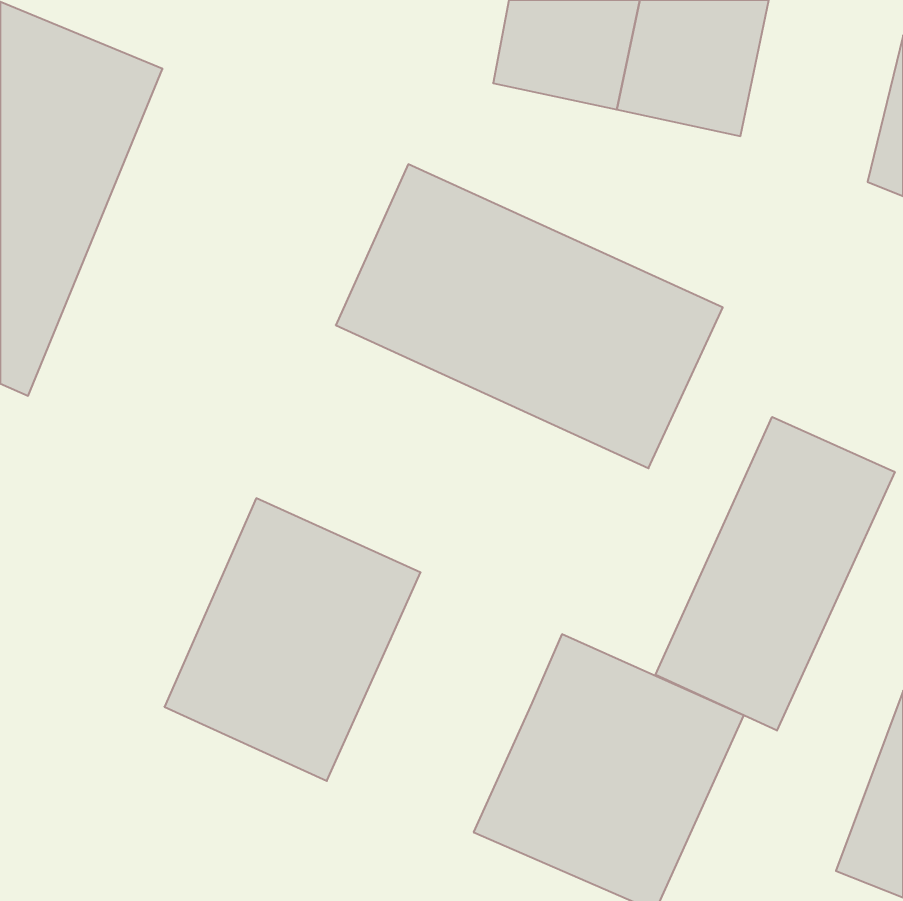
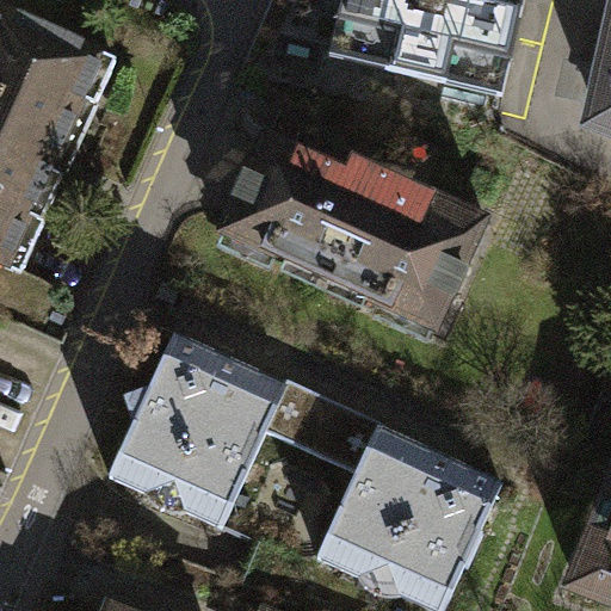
building: [655,417,895,731] -> none
building: none -> [264,388,379,476]

